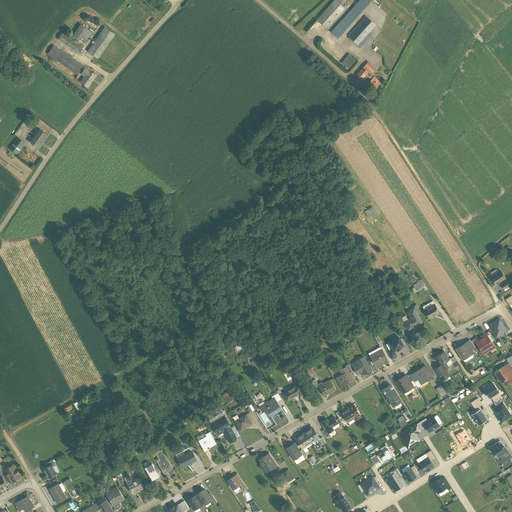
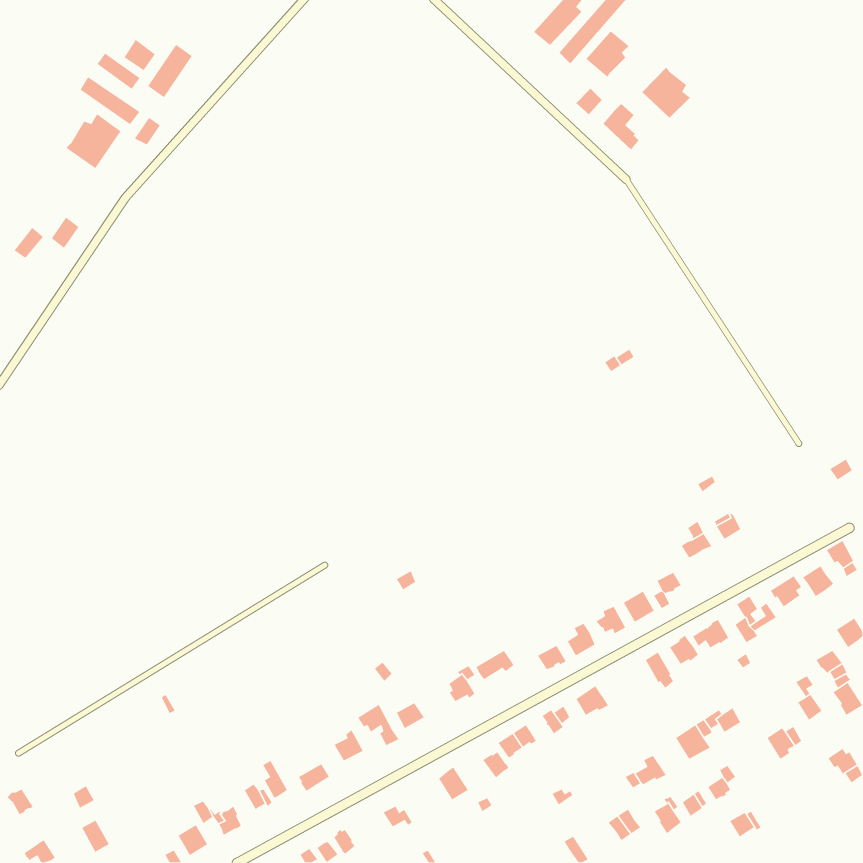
building: none -> [642,67,691,119]
building: none -> [66,113,121,169]

